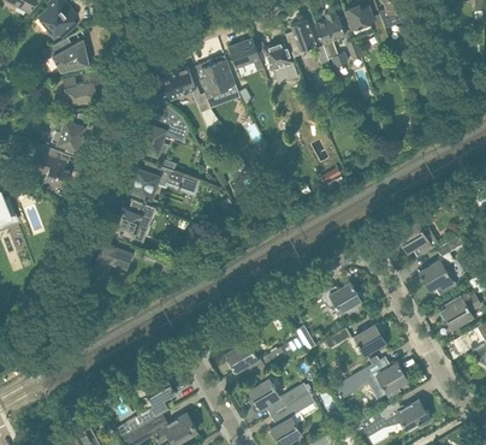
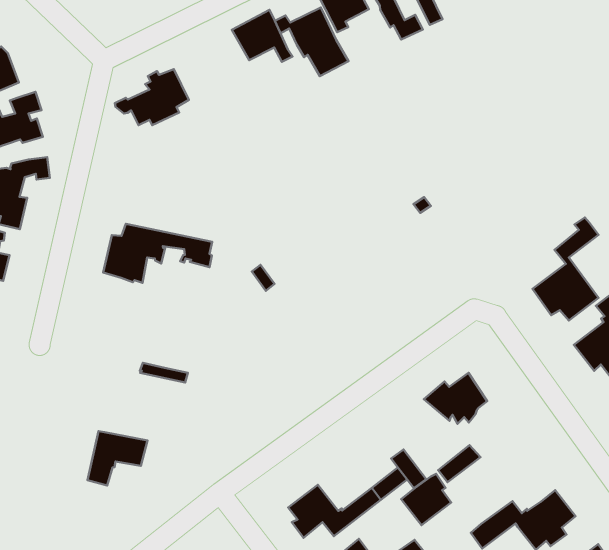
building: [198,58,239,102] -> none
building: [136,106,189,160] -> none
building: [114,201,155,237] -> none
building: [91,244,132,279] -> [87,431,147,485]
building: [354,324,385,355] -> [401,474,451,525]

